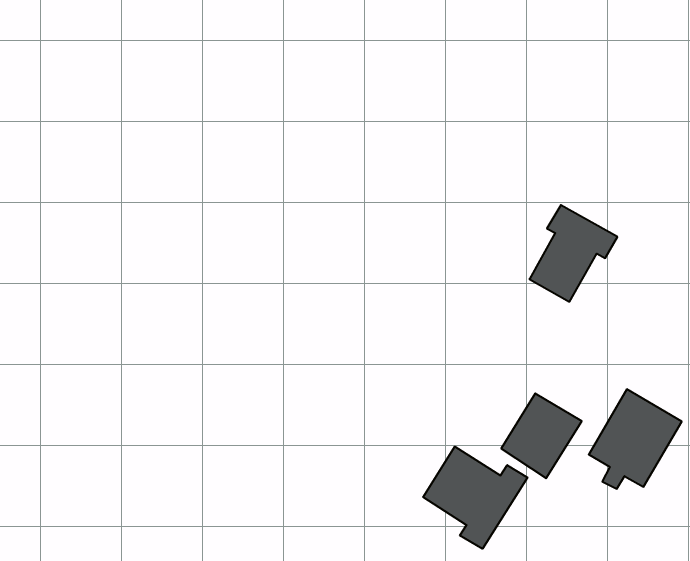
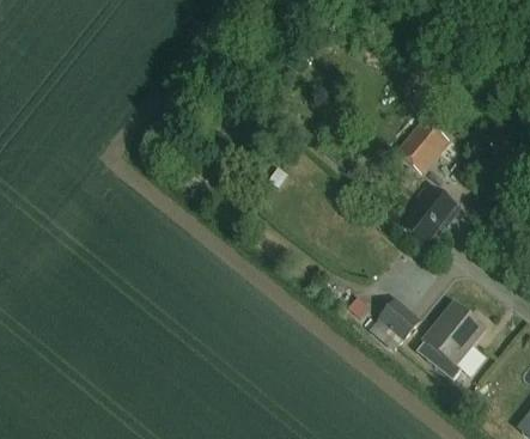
building: none -> [397,118,450,172]
building: [423,447,527,549] -> none

